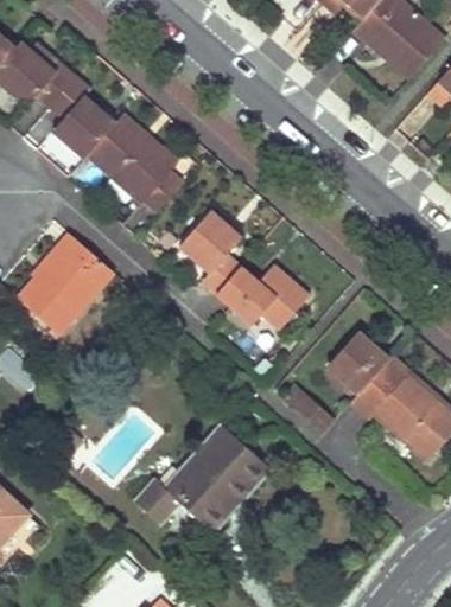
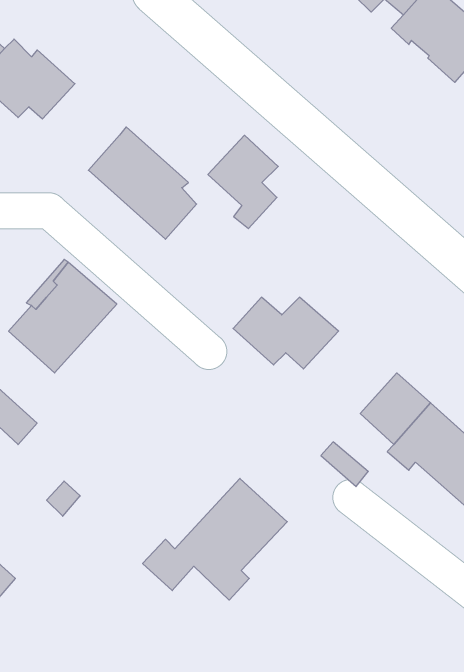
building: [47,78,115,159] -> none
building: [179,211,241,293] -> [208,135,278,229]

